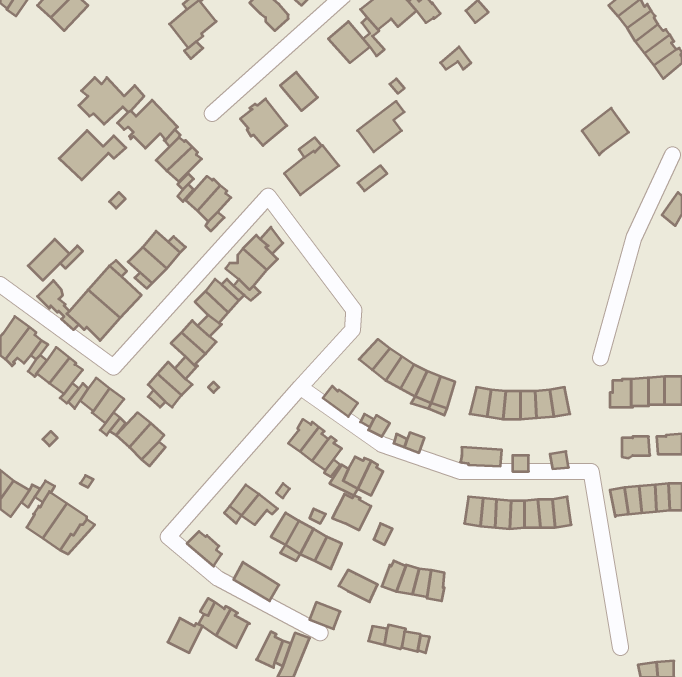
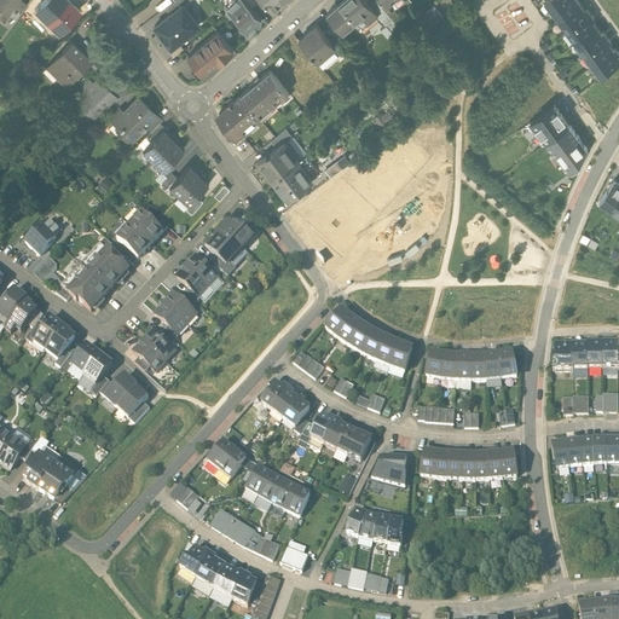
building: none -> [187,25,232,69]
building: none -> [239,77,273,112]
building: [357,101,404,152] -> [272,150,314,196]
building: [59,130,126,180] -> [45,36,105,81]
building: none -> [546,120,588,166]
building: [332,494,371,530] -> [336,427,371,459]
building: none -> [371,452,409,486]
building: [339,570,378,602] -> [244,530,279,559]
building: [168,618,203,653] -> [214,565,245,596]

